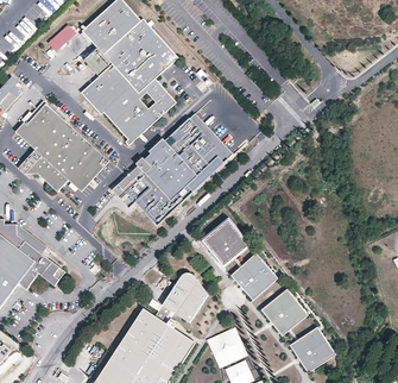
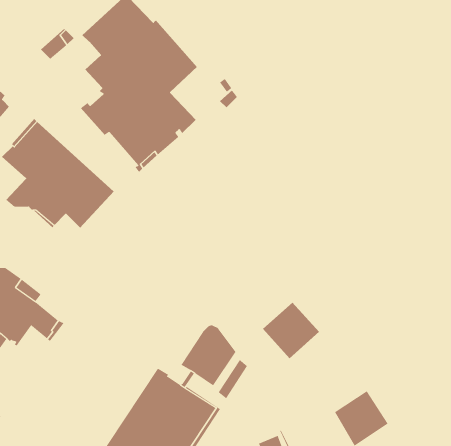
building: [110,112,232,224] -> none
building: [203,219,249,265] -> none
building: [261,288,308,335] -> none
building: [209,329,244,364] -> none

